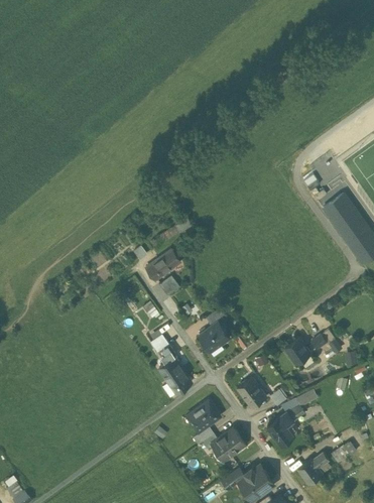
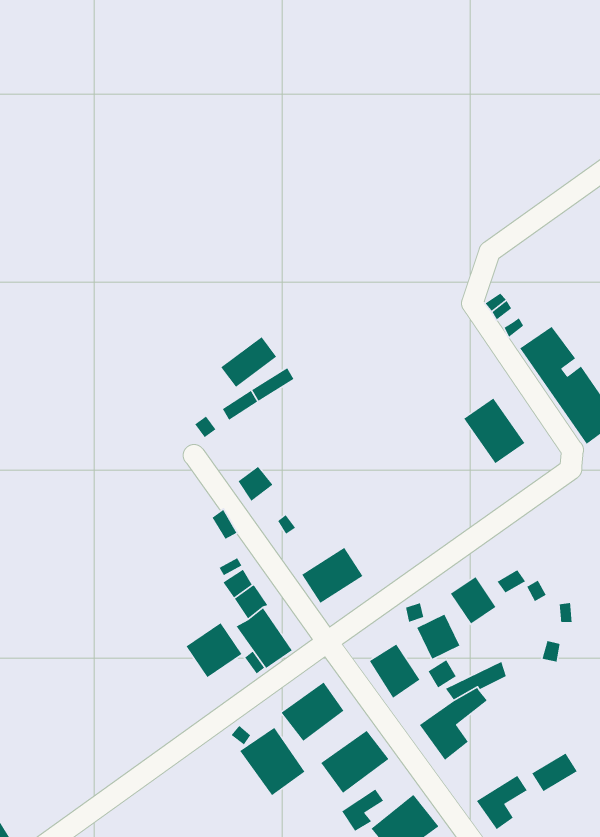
building: none -> [463,398,525,464]
building: [146,249,179,279] -> [220,336,277,388]
building: none -> [416,613,461,660]
building: none -> [186,622,243,678]
building: none -> [239,727,305,796]

